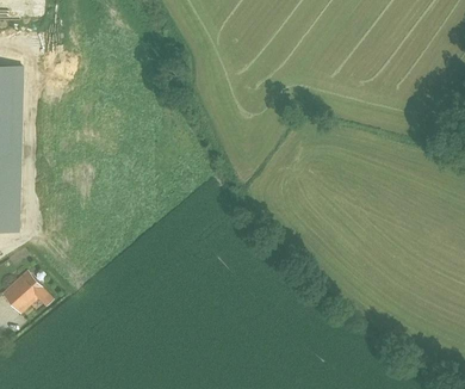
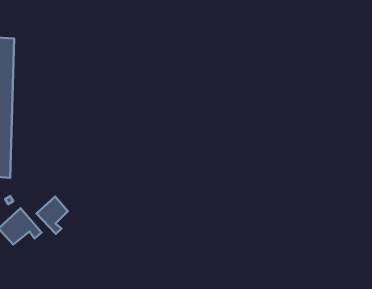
building: none -> [36,196,68,234]

